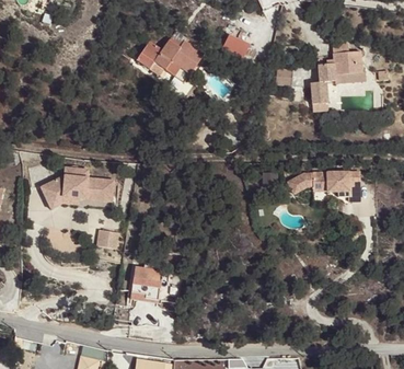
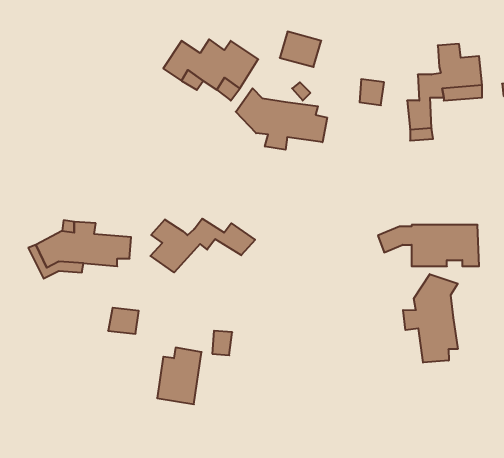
building: none -> [236,88,327,150]
building: none -> [150,219,255,272]
building: none -> [403,274,458,363]

